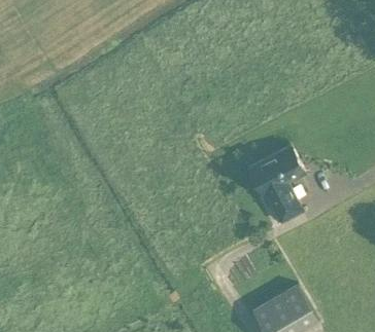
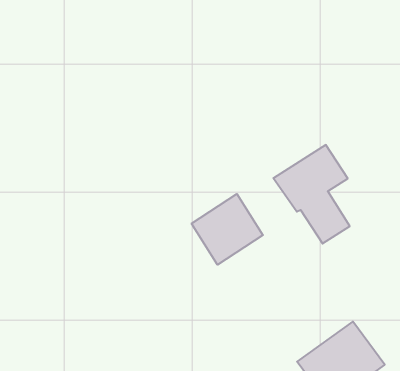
building: none -> [192,194,263,265]

